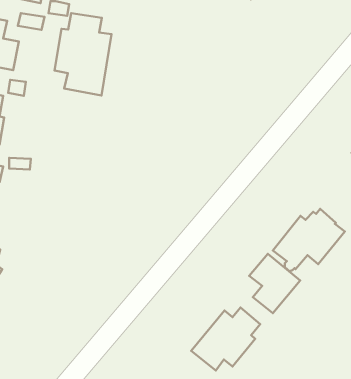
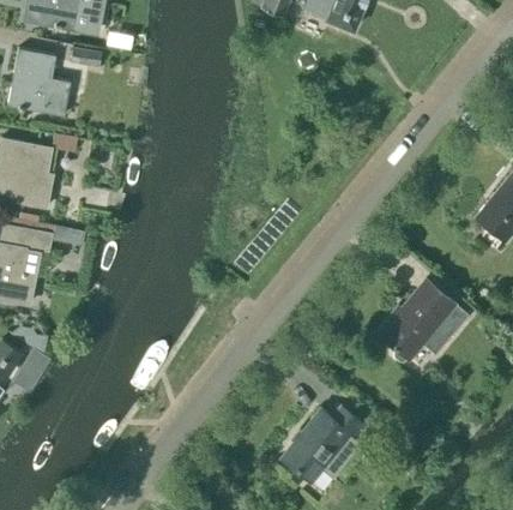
building: [55,13,112,95] -> none
building: [249,254,300,313] -> none

